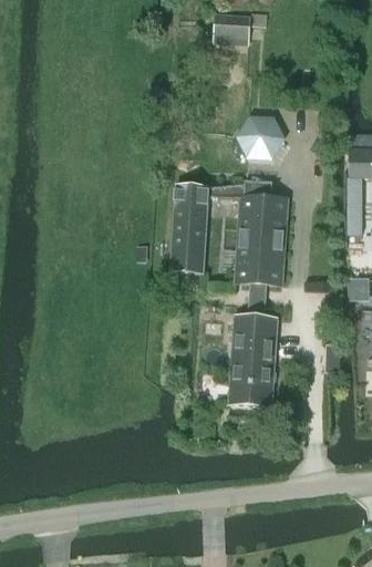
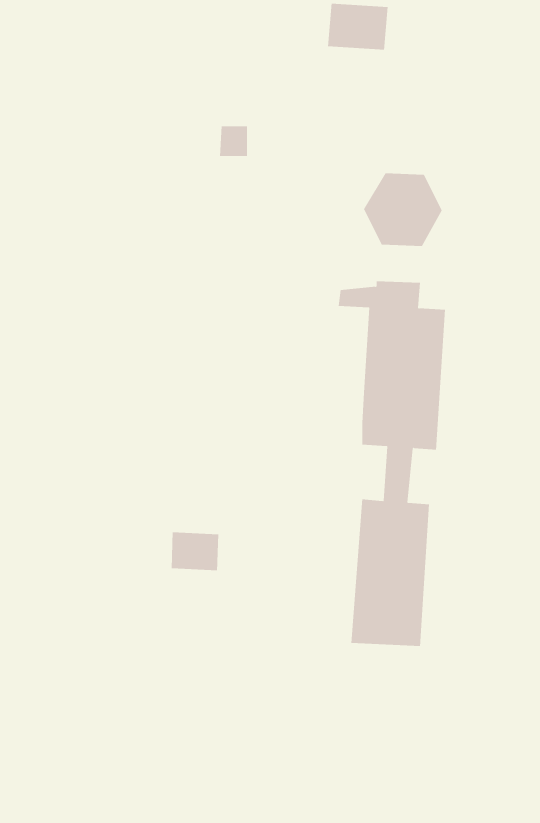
building: [169,184,221,272] -> none
building: none -> [171,531,219,571]

